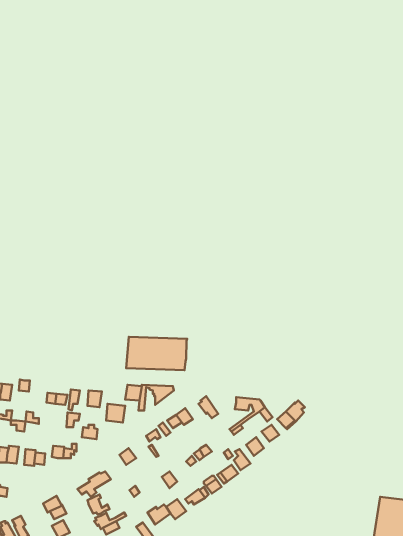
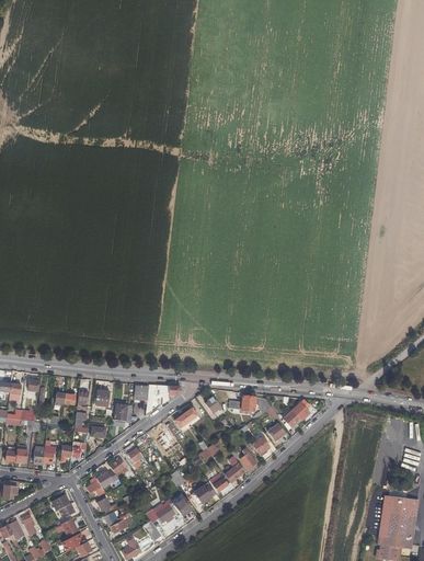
building: [126,337,187,370] -> none

